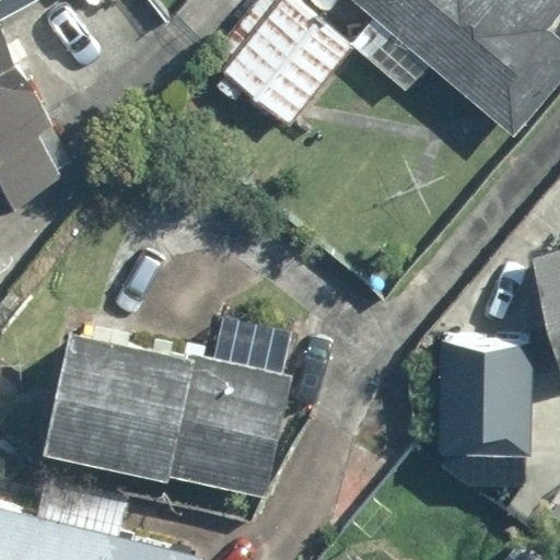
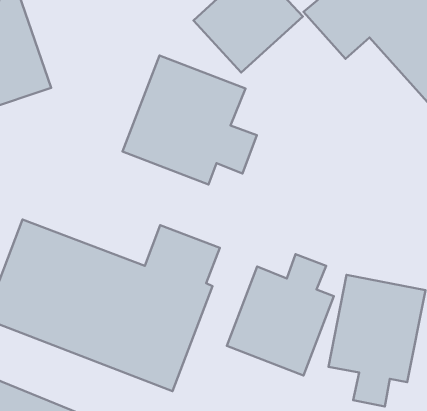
building: none -> [123,56,257,185]
building: none -> [227,254,334,375]

